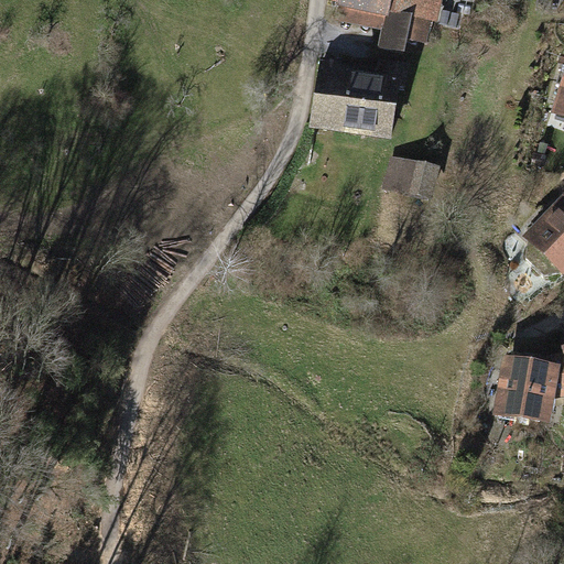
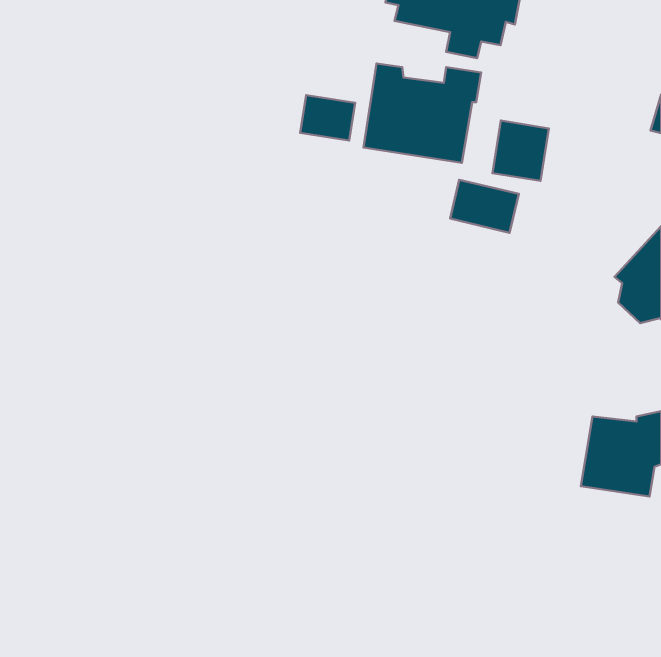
building: none -> [300,95,355,141]
building: none -> [493,121,549,181]

